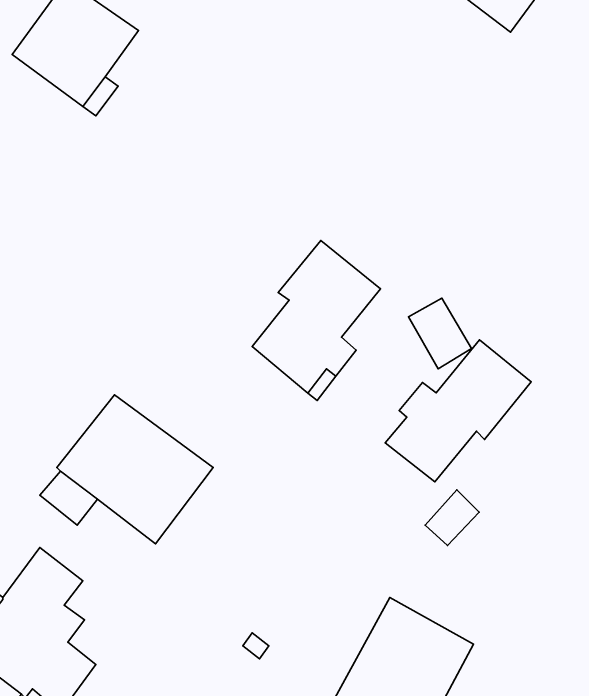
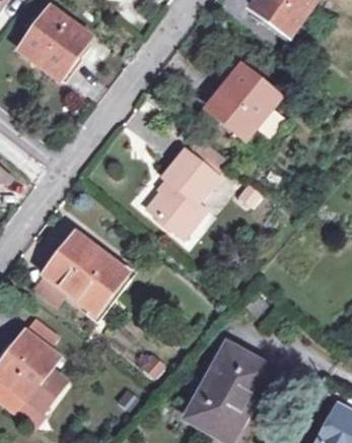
building: none -> [208,65,278,137]
building: [385,340,531,482] -> none

